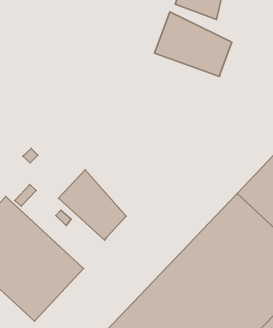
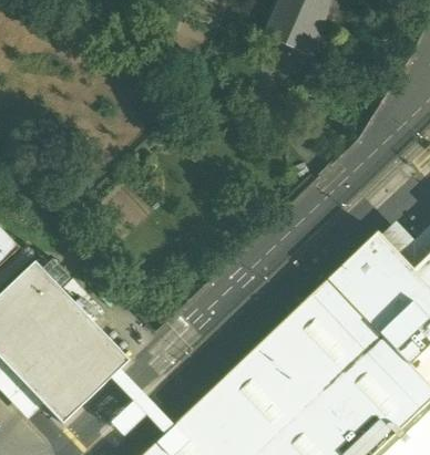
building: [154,12,232,77] -> none
building: [59,170,126,240] -> none

